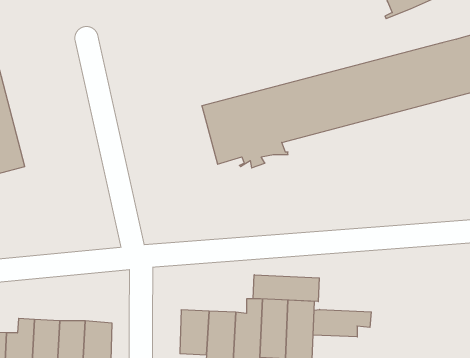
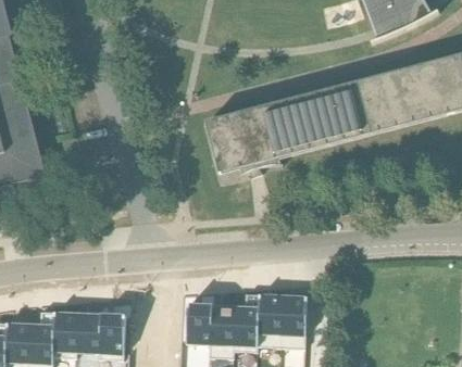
building: [253,275,319,302] -> none
building: [313,309,371,337] -> none

